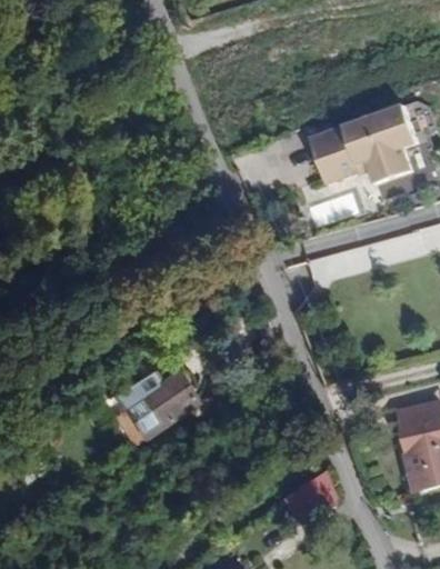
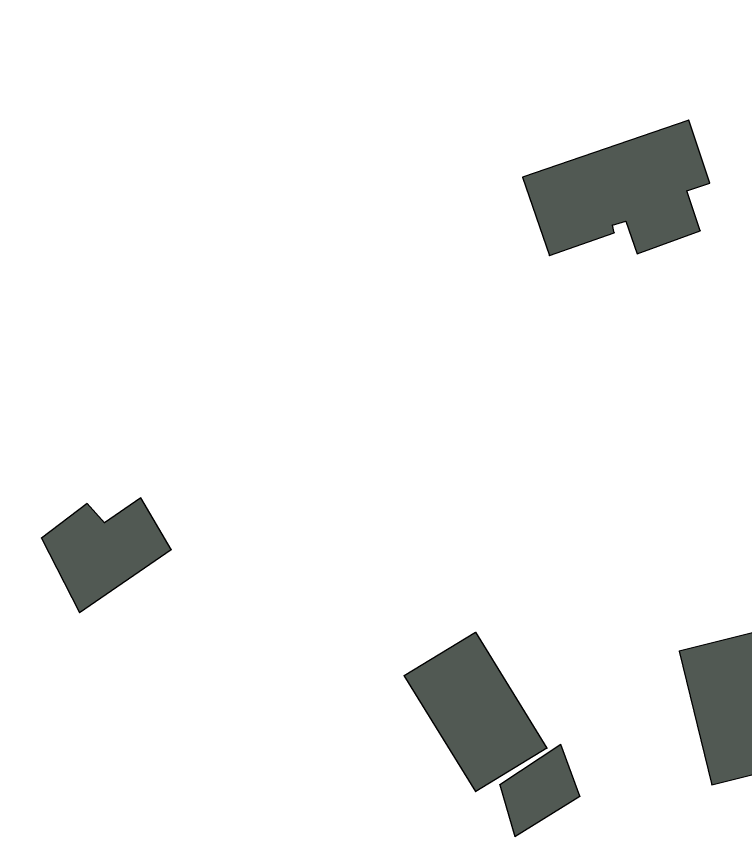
building: [113,371,189,438] -> [41,498,171,613]
building: none -> [404,632,547,792]

